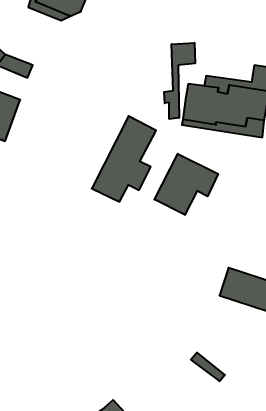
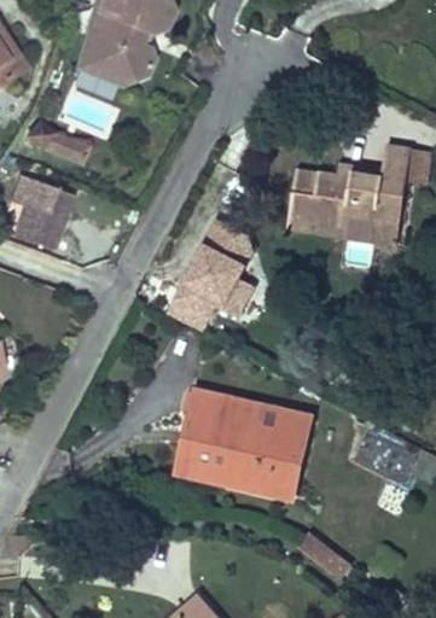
building: [164,43,195,119] -> none
building: [154,154,218,215] -> none
building: none -> [175,389,310,497]

